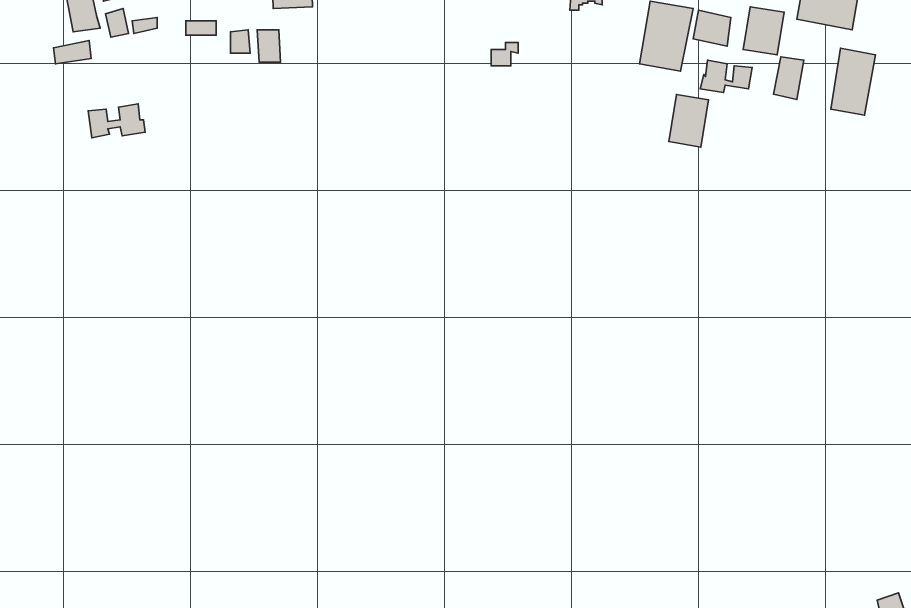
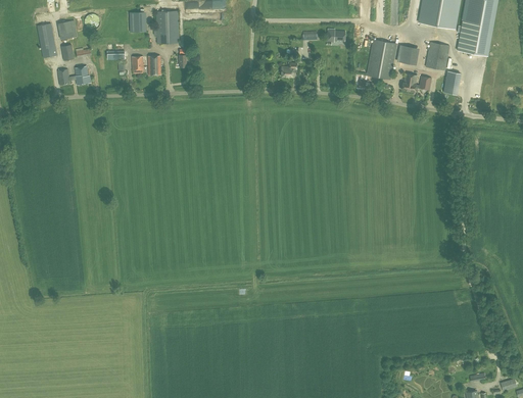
building: [831,48,876,115] -> none
building: [669,94,709,147] -> none
building: [88,104,145,138] -> [57,66,90,86]

